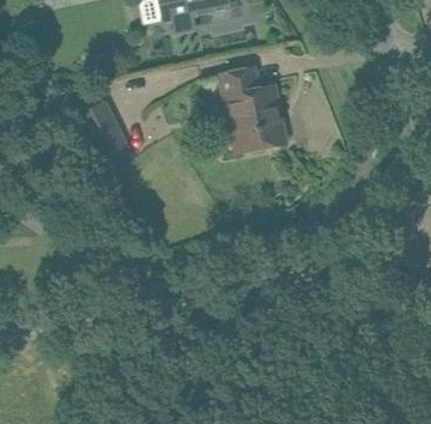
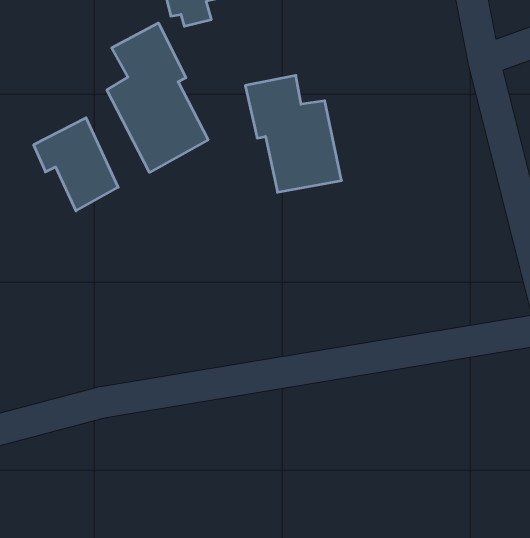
building: none -> [107,23,208,172]

